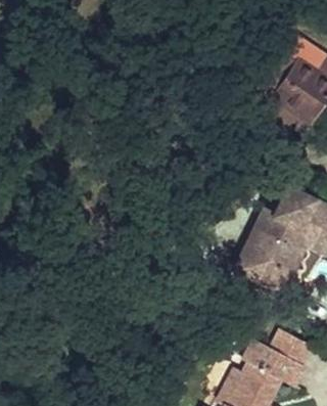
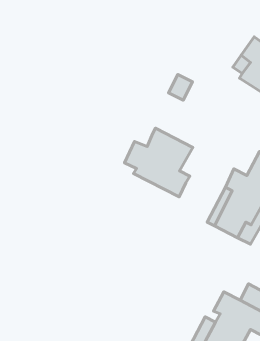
building: none -> [124,128,193,197]

